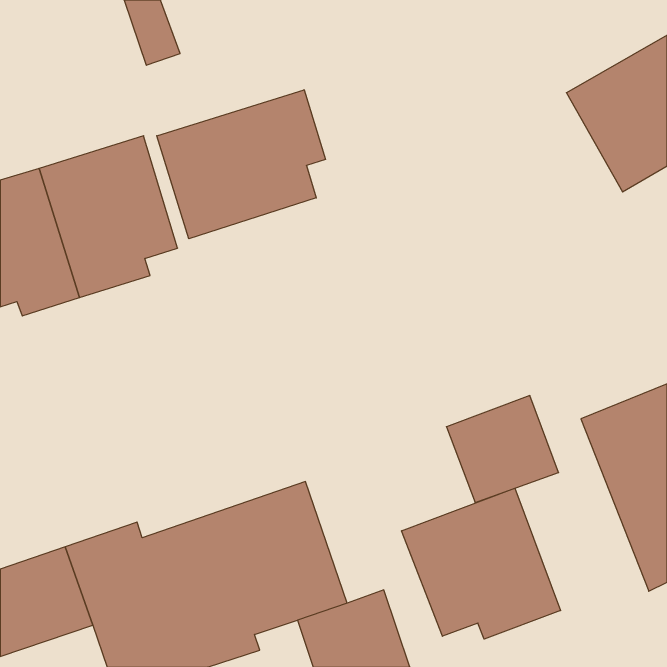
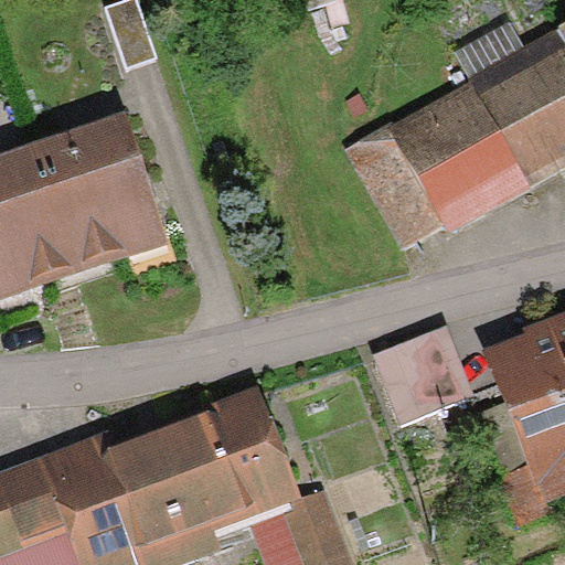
building: [157,90,326,239] -> none
building: none -> [351,78,526,234]
building: [402,488,561,639] -> none

